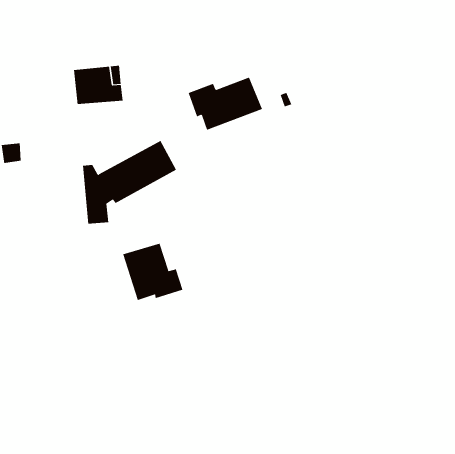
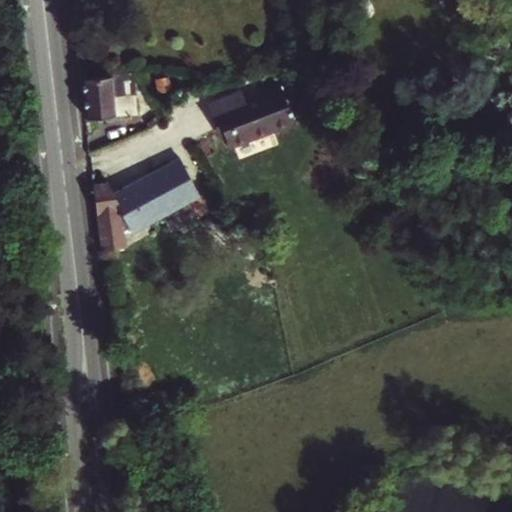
building: [122,243,183,301] -> none

